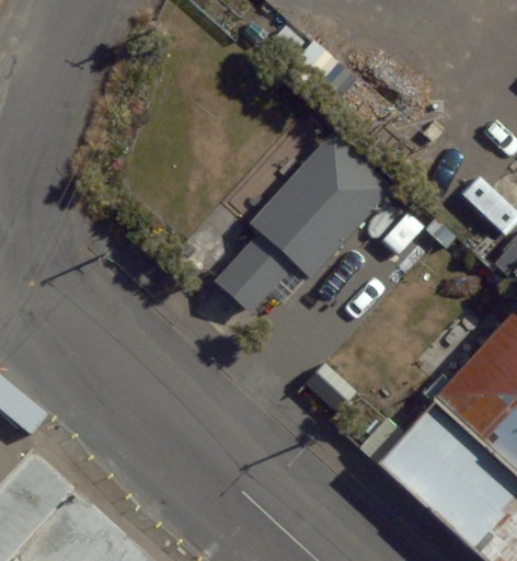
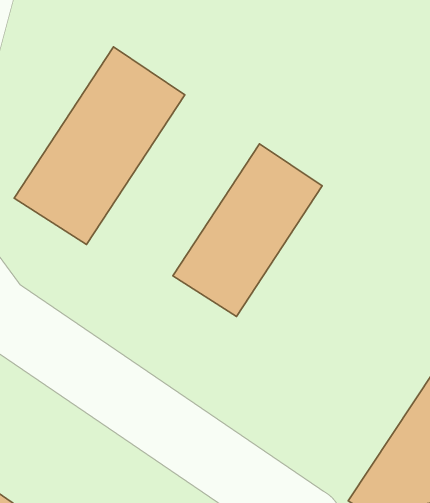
building: none -> [14,47,185,244]

